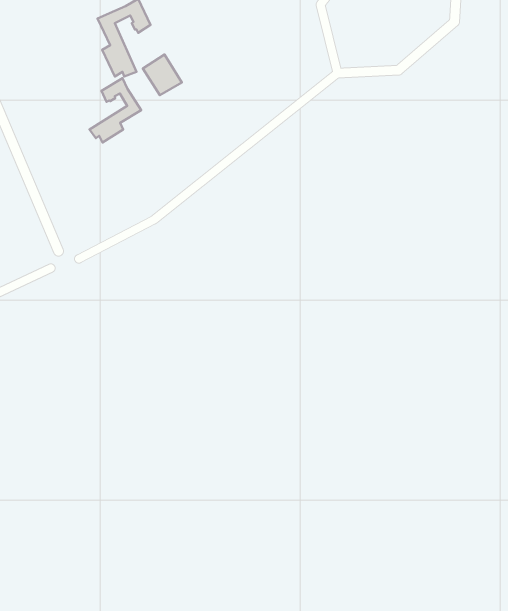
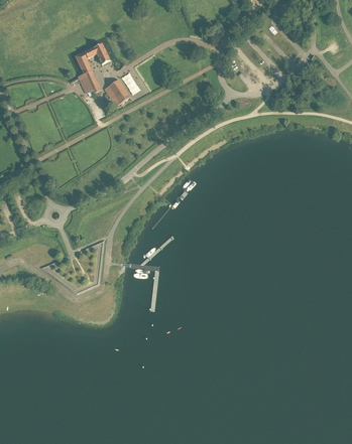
building: [89,78,141,142] -> none

